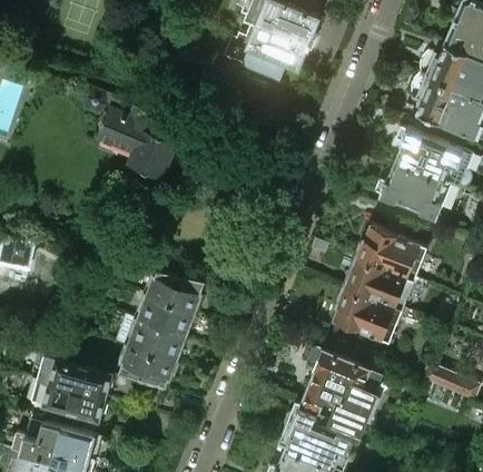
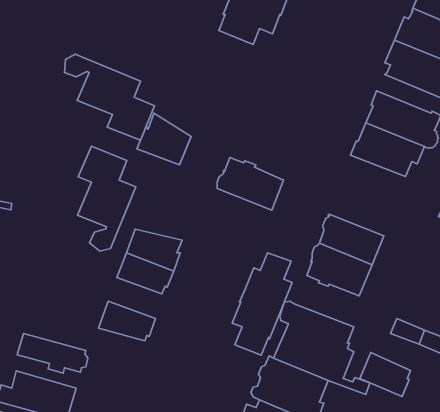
building: none -> [137,113,191,165]
building: none -> [77,146,136,251]
building: [356,226,425,281] -> [217,157,284,210]
building: none -> [232,253,292,355]
building: [127,324,183,366] -> none
building: [39,356,112,400] -> none
building: none -> [360,352,410,396]

